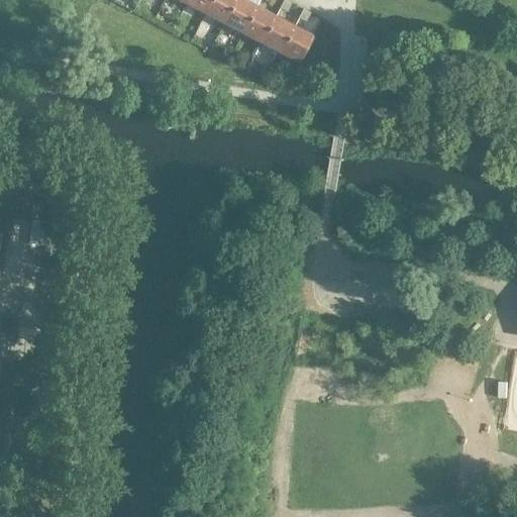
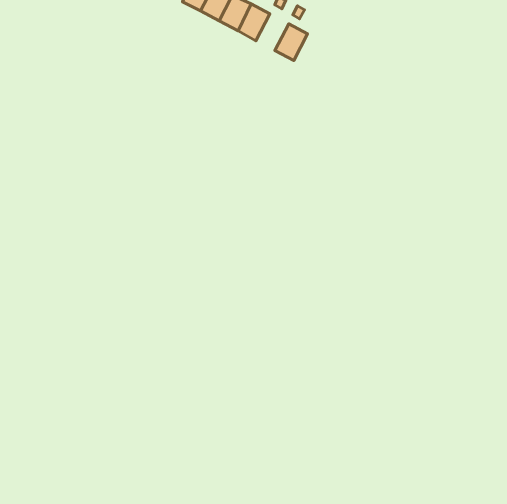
building: [261,14,294,51] -> none

